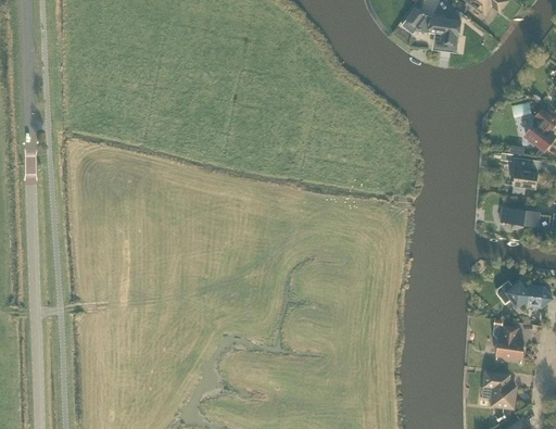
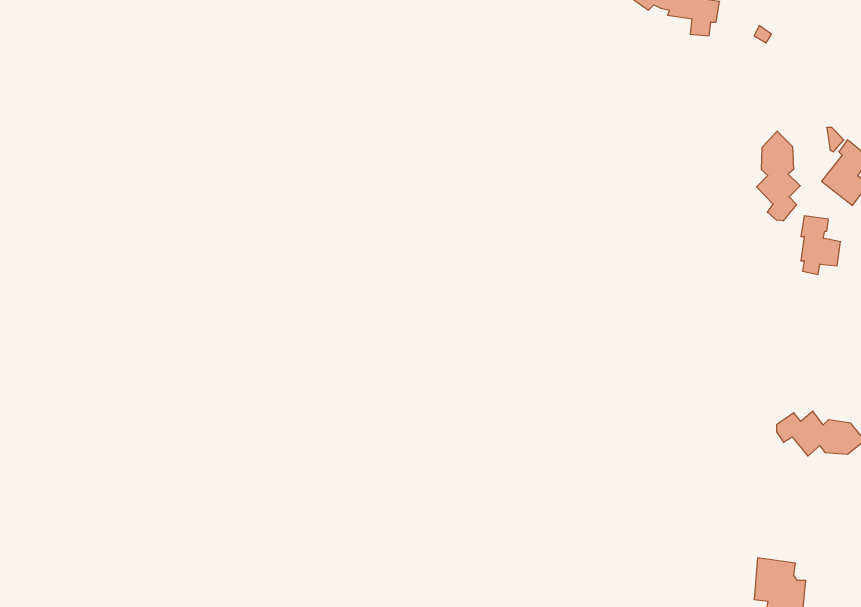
building: none -> [757,131,800,221]
building: [500,207,539,230] -> none
building: [495,326,523,359] -> none

